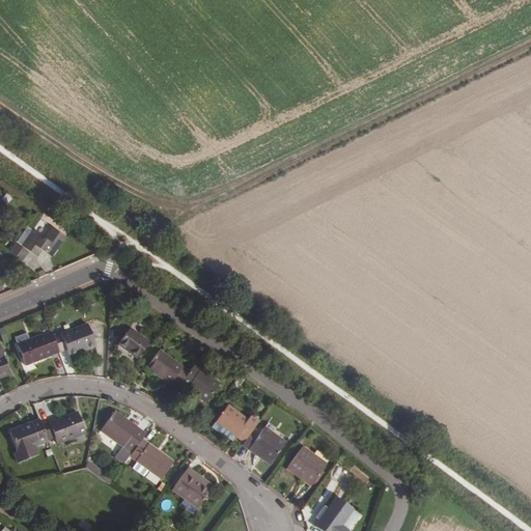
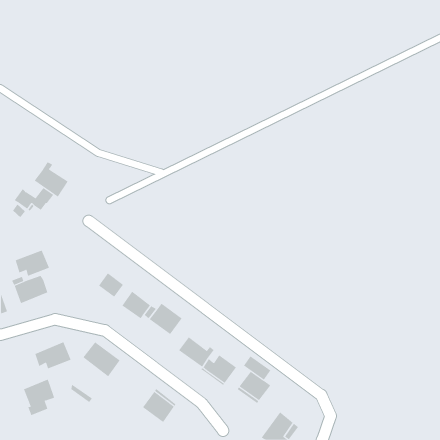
building: none -> [34,161,69,197]
building: [53,324,95,356] -> [15,250,50,277]
building: [8,418,48,463] -> [23,379,56,416]
building: none -> [243,356,271,380]
building: [130,438,173,478] -> none

